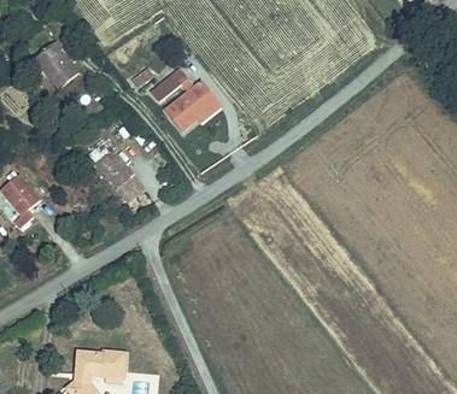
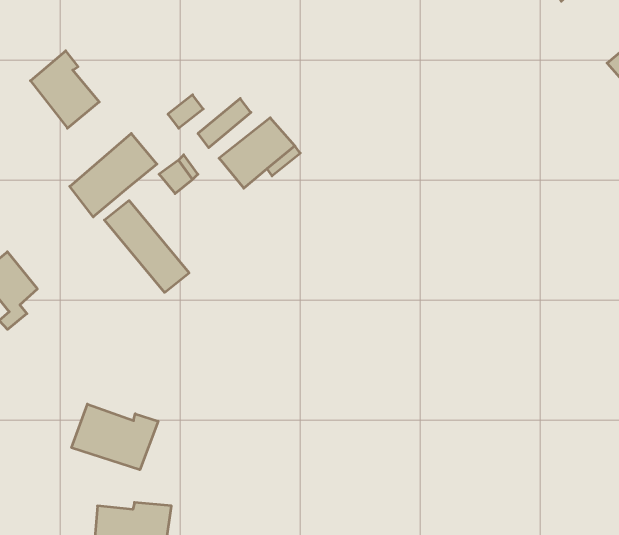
building: none -> [70,133,157,217]
building: none -> [72,404,158,470]

